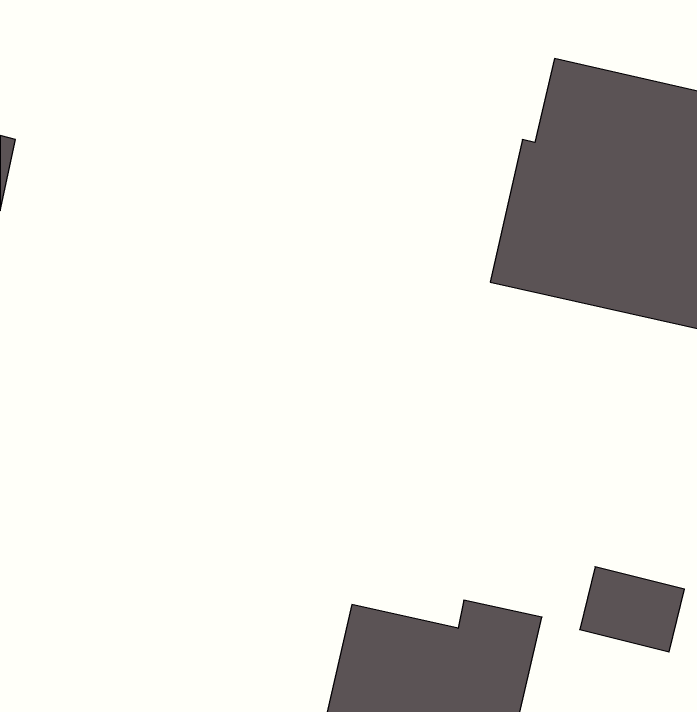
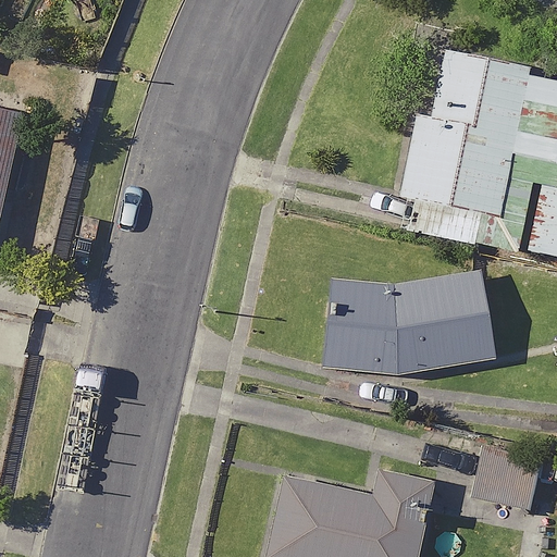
building: none -> [329,271,494,374]

